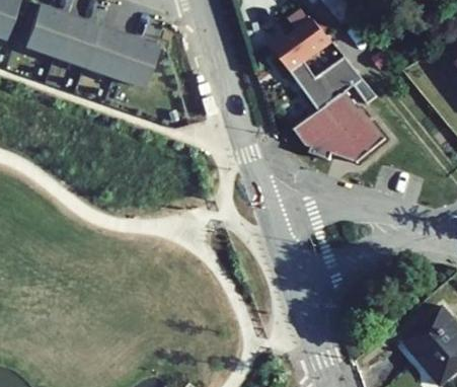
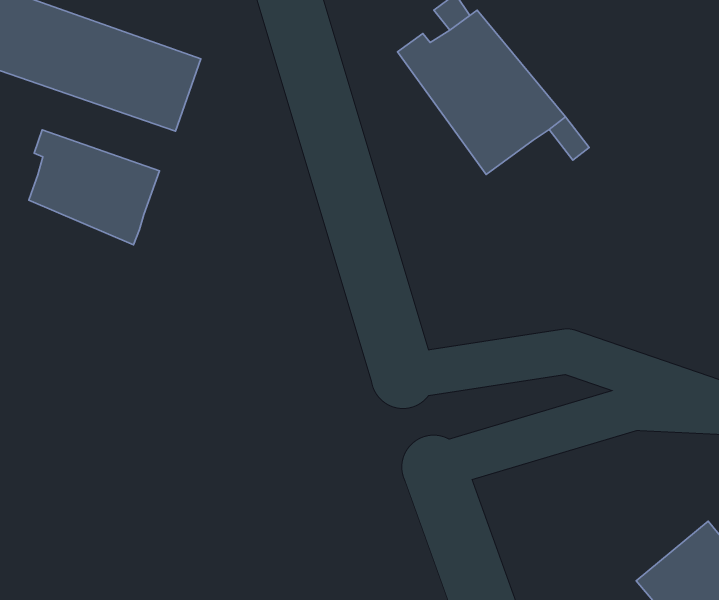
building: none -> [29,130,160,245]
building: [295,92,386,163] -> none

